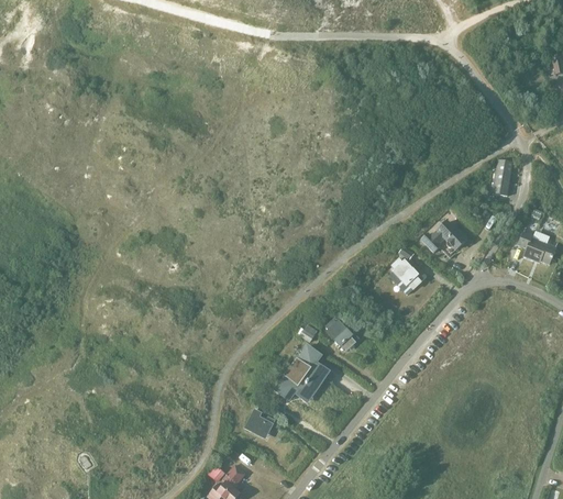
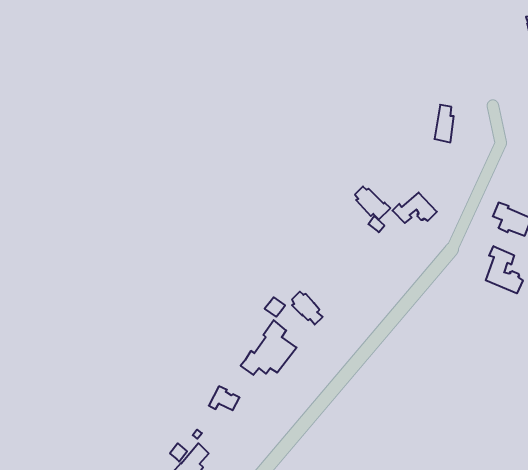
building: [493,159,511,196] -> [434,105,454,142]
building: [391,257,426,289] -> [355,186,390,219]
building: none -> [486,246,523,293]

